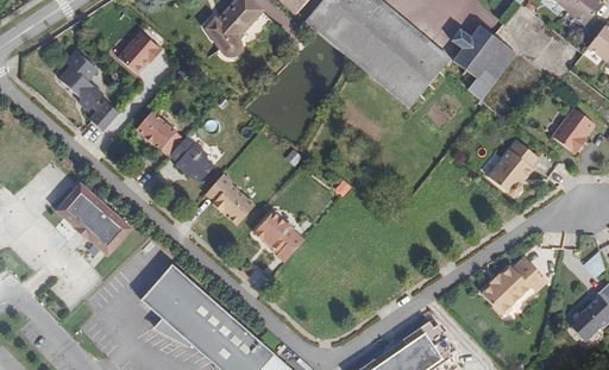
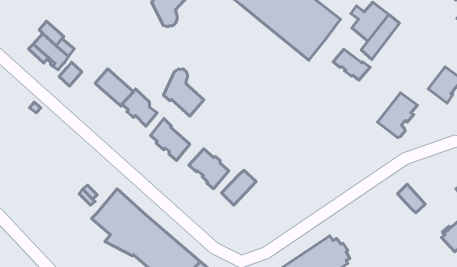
building: [121,32,164,75] -> none
building: none -> [333,49,370,80]
building: none -> [164,69,204,116]
building: [50,178,127,252] -> none
building: none -> [222,170,256,205]
building: [483,264,533,313] -> none

